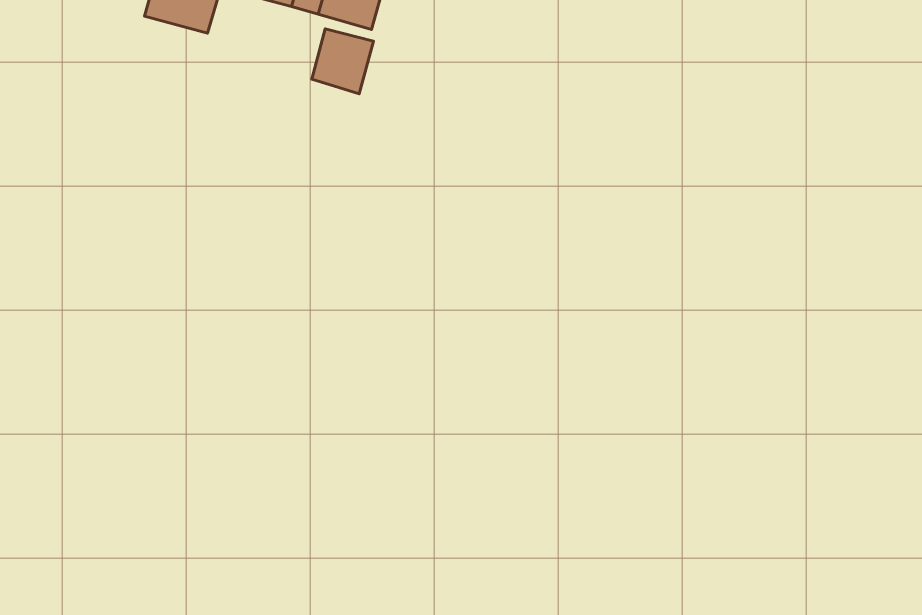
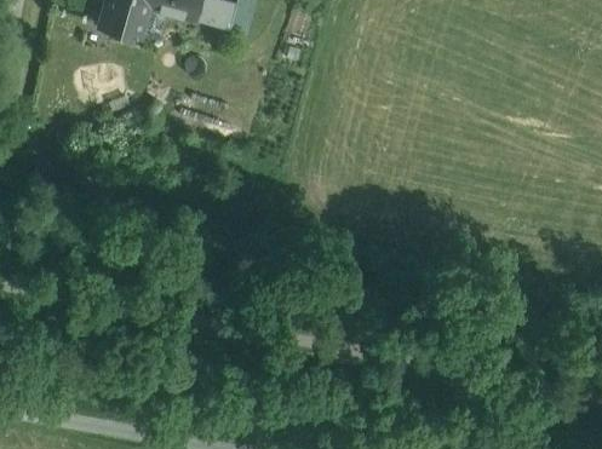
building: [312,29,373,94] -> none

